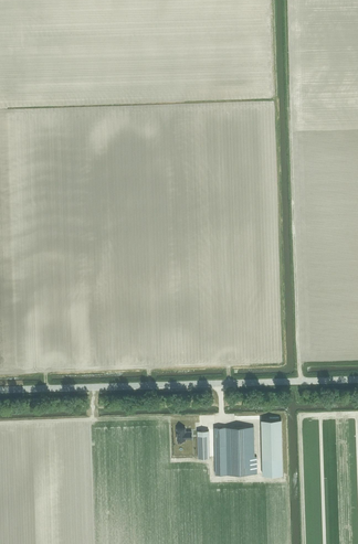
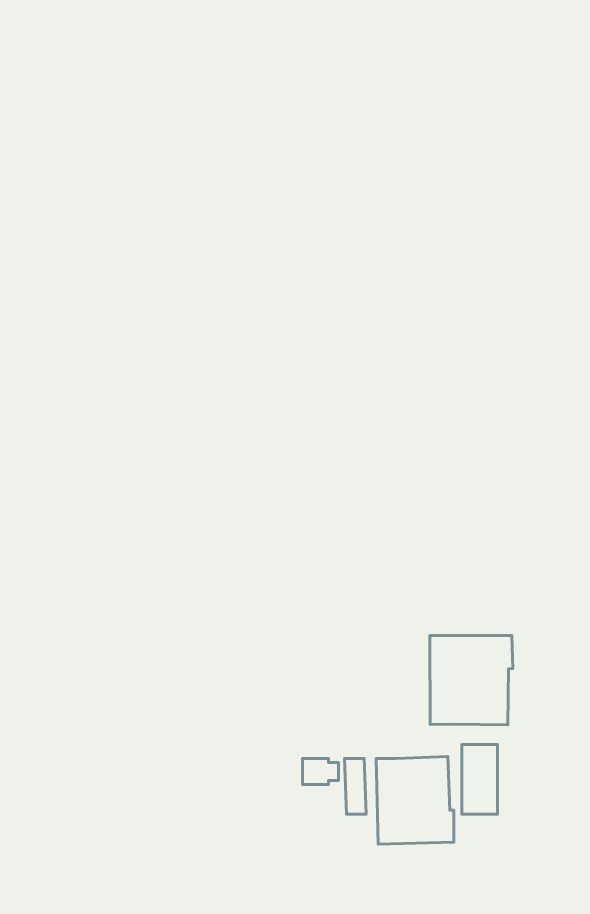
building: none -> [430,635,513,725]

